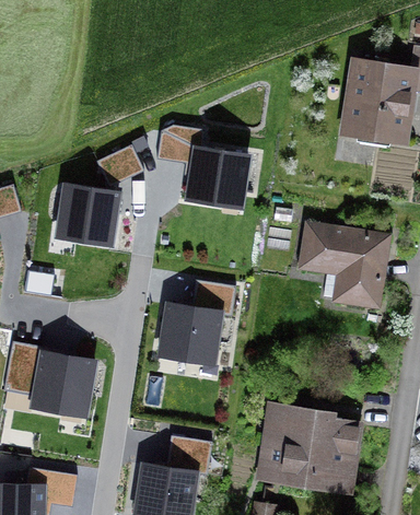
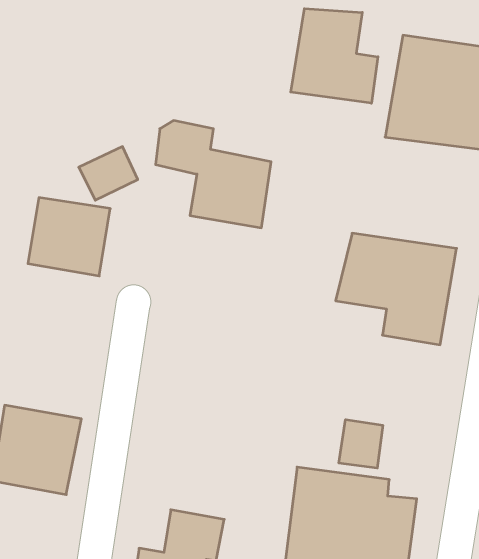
building: none -> [291,9,378,103]
building: [156,280,233,365] -> none
building: none -> [339,420,383,468]

